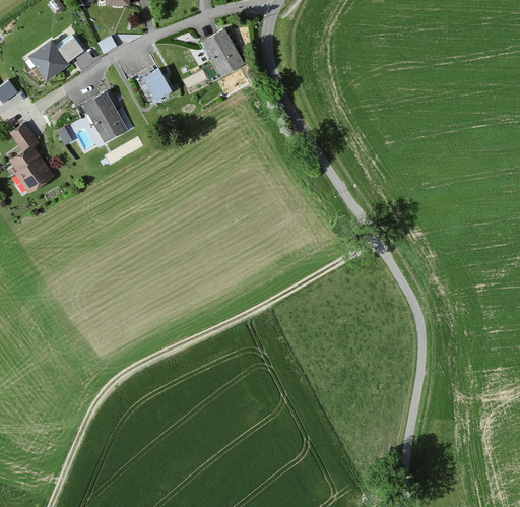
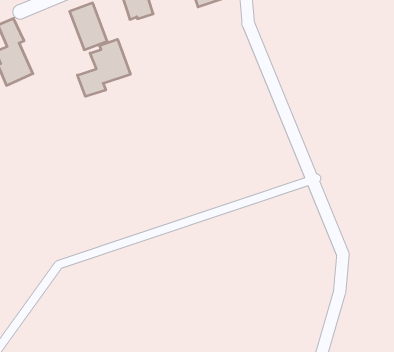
building: none -> [77,39,130,96]

